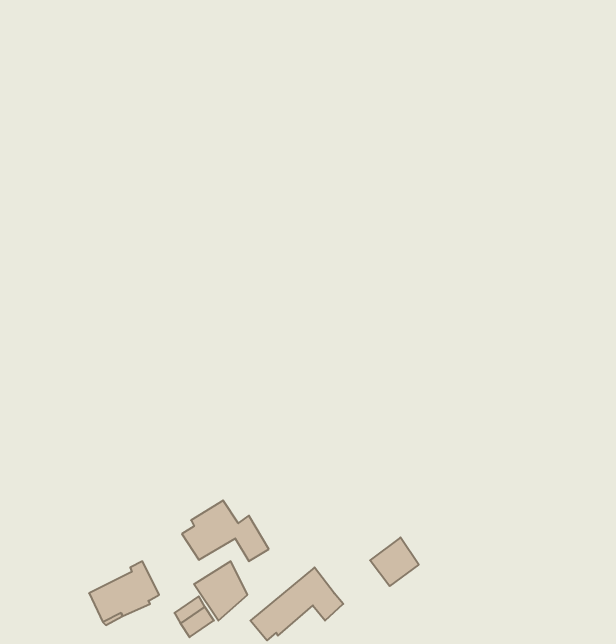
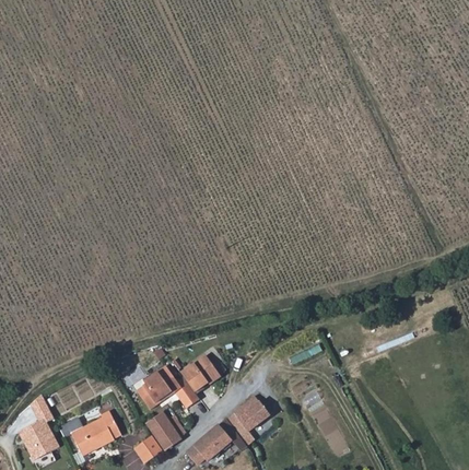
building: none -> [183,355,222,392]
building: [370,537,419,586] -> [232,397,267,432]
building: none -> [17,395,59,461]

